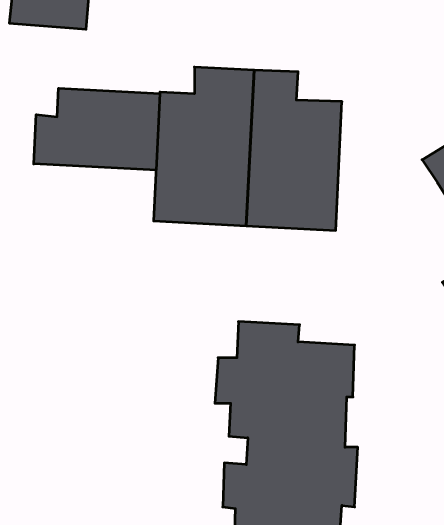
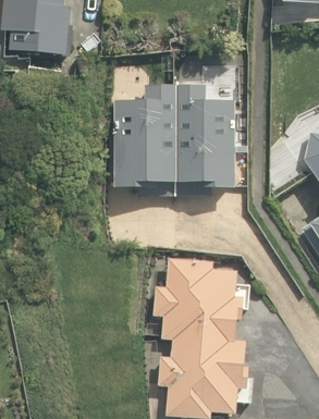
building: [34,88,160,170] -> none

